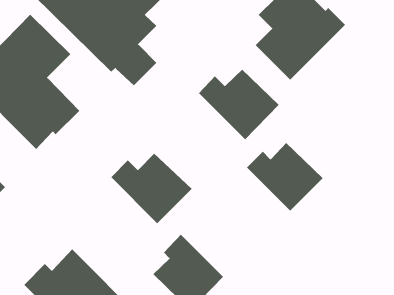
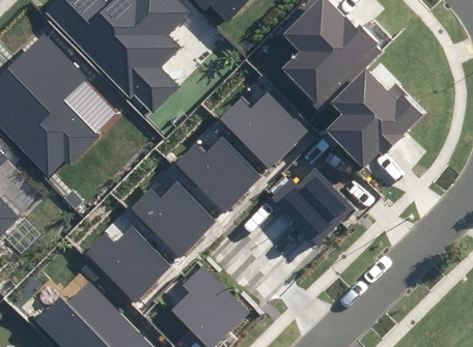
building: none -> [327,69,422,167]
building: none -> [175,136,262,211]
building: none -> [86,227,172,302]

